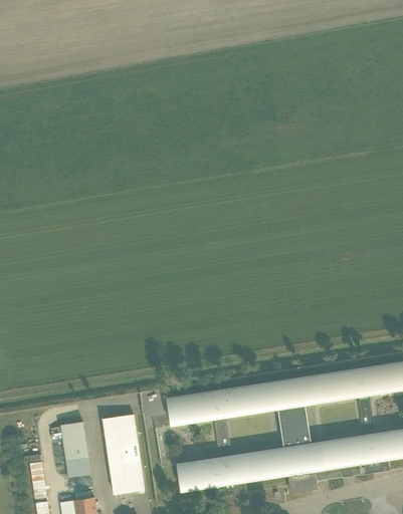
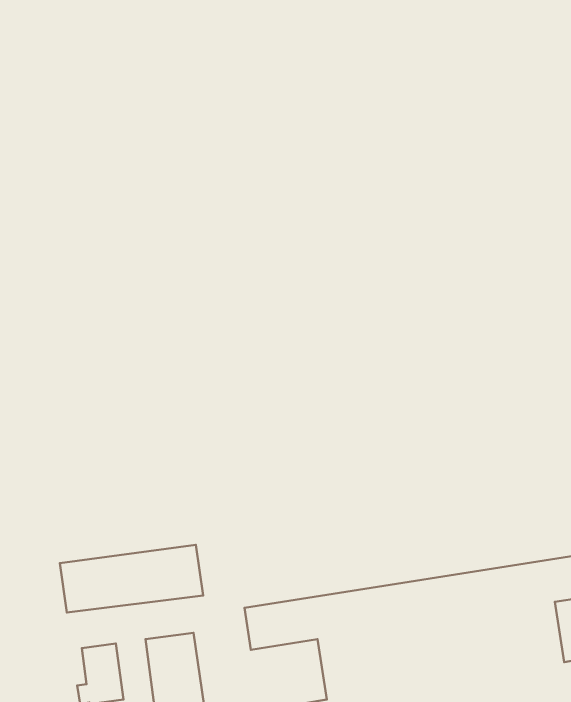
building: none -> [60,545,203,612]

